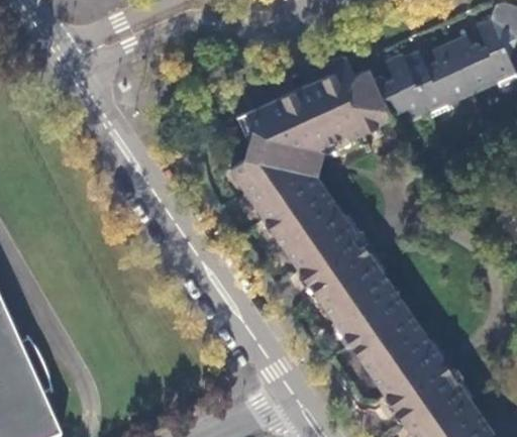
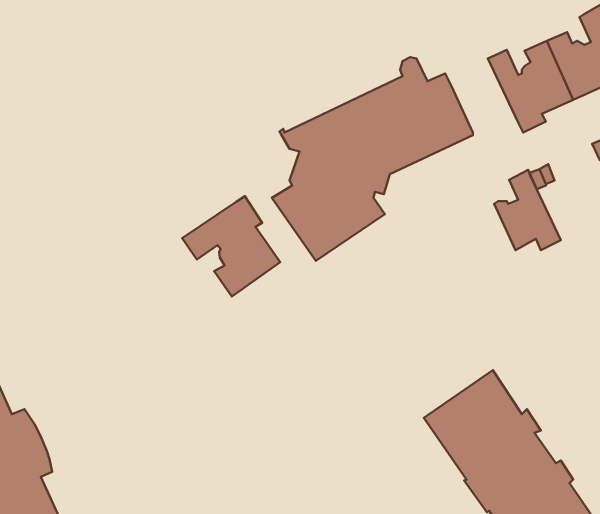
building: [374,54,427,119] -> [494,170,561,250]
building: none -> [182,196,280,297]
building: [265,185,407,348] -> none

